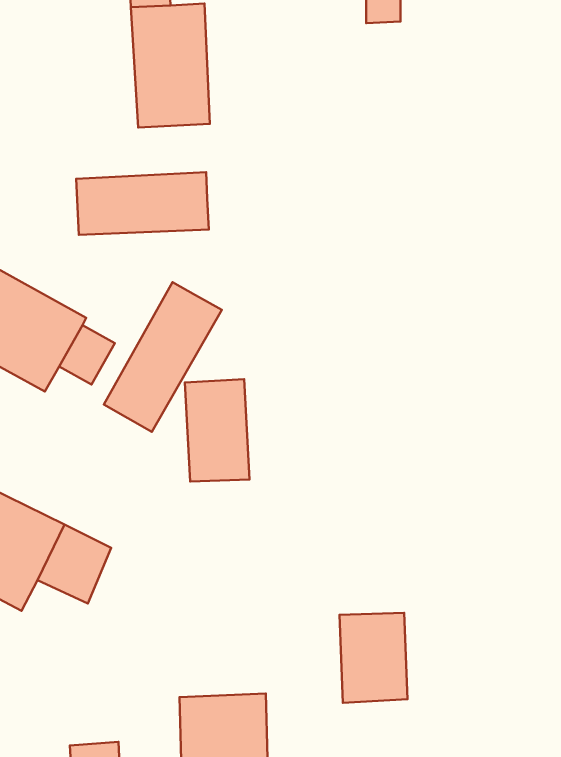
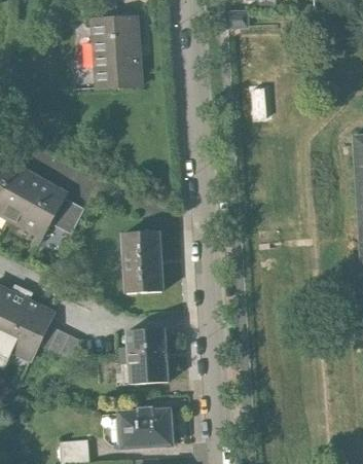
building: [76,172,209,235] -> none
building: [104,282,222,432] -> none
building: [339,613,408,703] -> [128,329,167,381]

